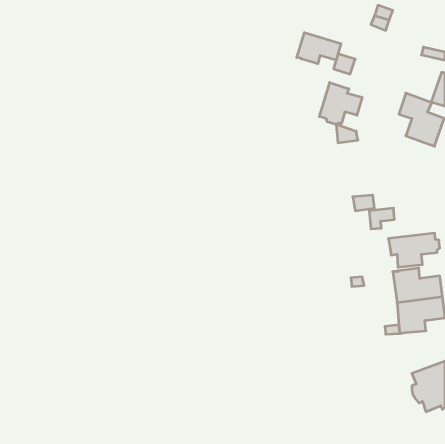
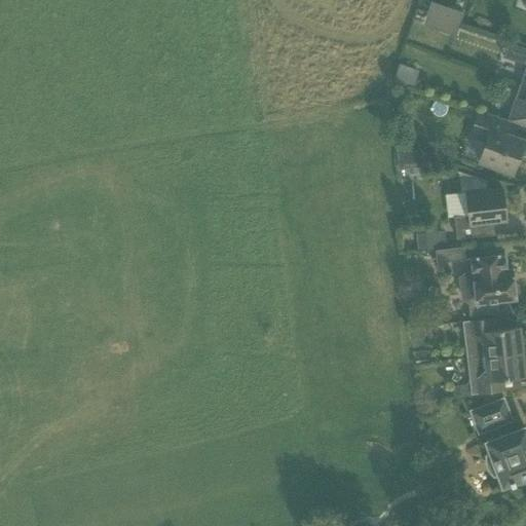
building: [297,33,341,64] -> none
building: [319,82,362,124] -> none
building: none -> [446,189,506,238]
building: none -> [458,254,513,281]
building: none -> [472,399,511,431]

